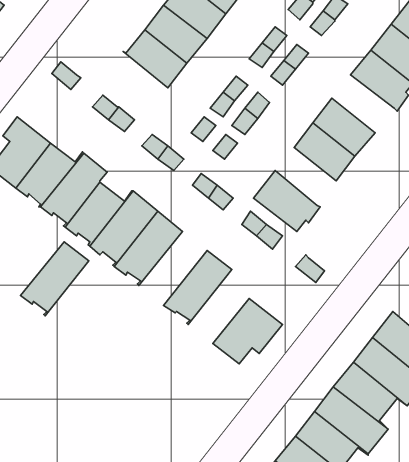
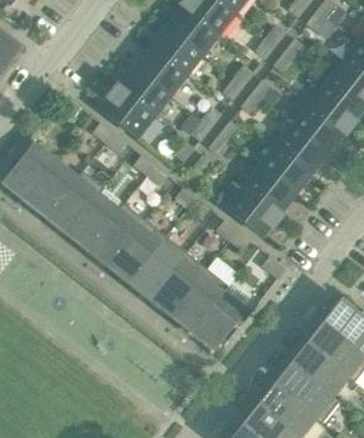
building: none -> [102,86,154,138]
building: none -> [291,106,343,154]
building: none -> [244,166,295,215]
building: [21,242,89,316] -> [130,237,187,298]
building: none -> [171,268,228,330]

